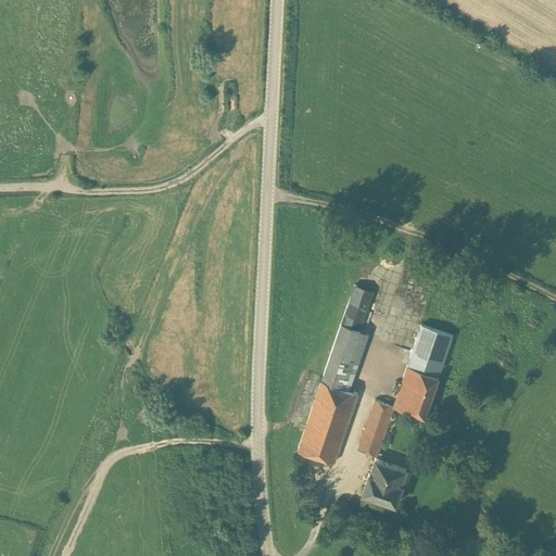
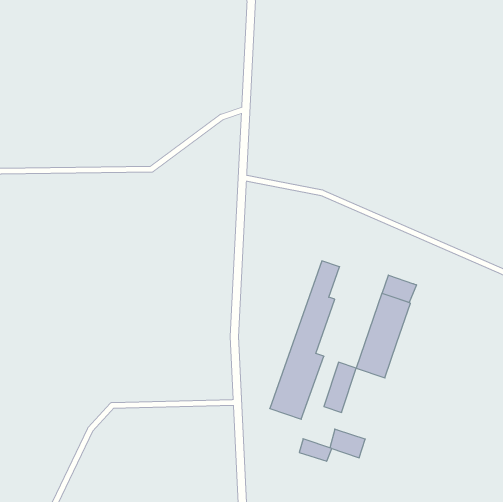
building: none -> [382,275,416,302]
building: [372,460,408,485] -> [299,439,332,461]

